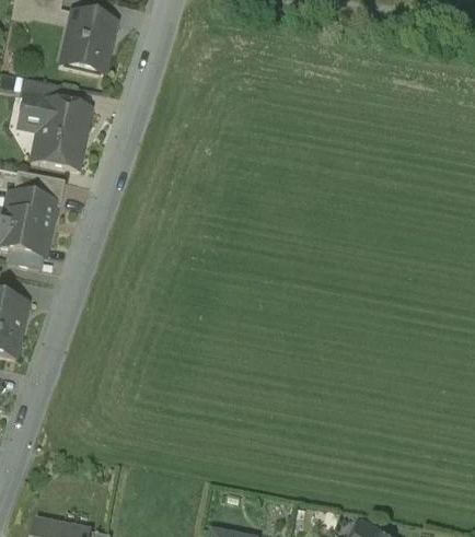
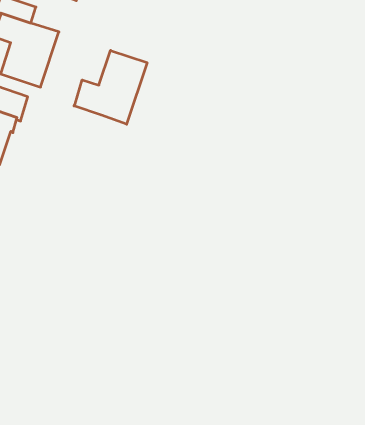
building: none -> [74,50,147,124]

